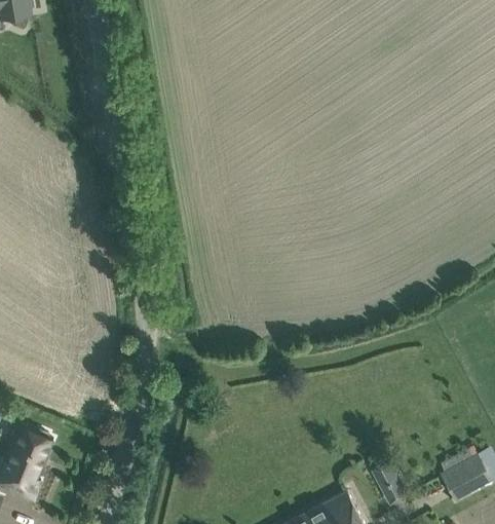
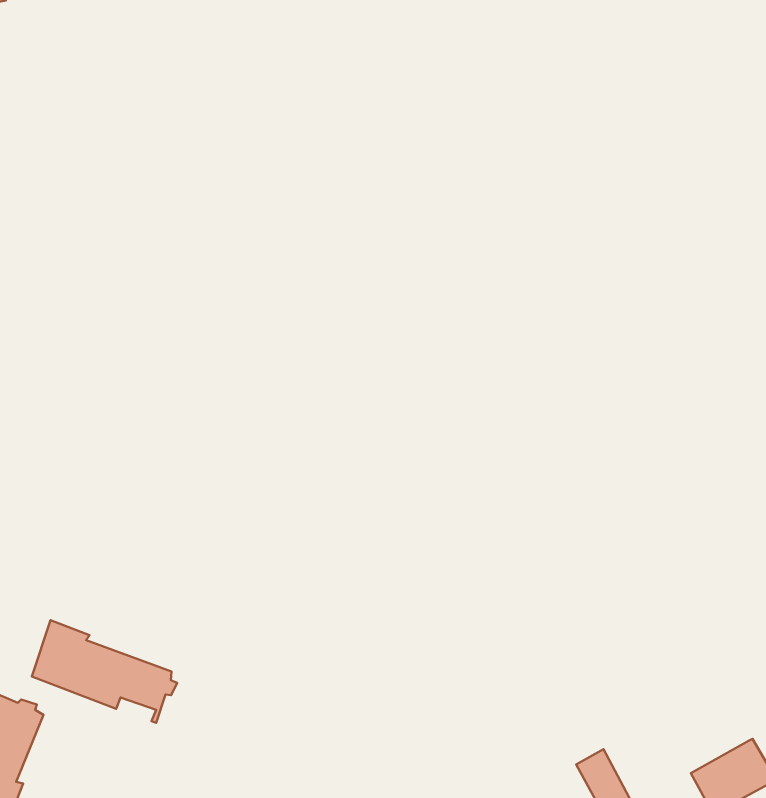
building: none -> [32,620,177,723]

